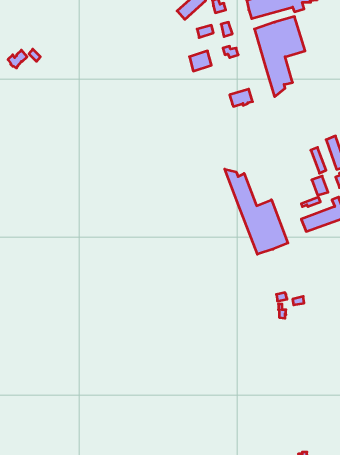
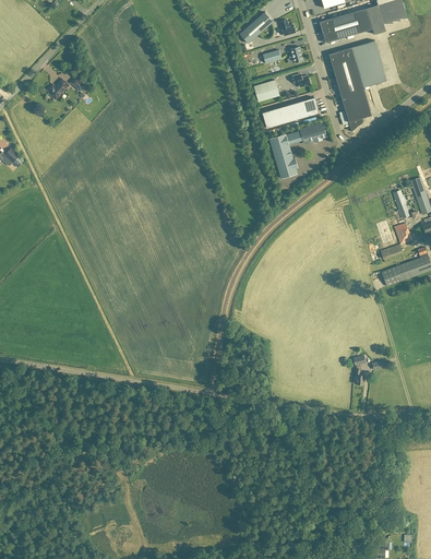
building: none -> [261,96,318,128]
building: none -> [268,133,297,178]
building: [225,169,288,254] -> none

